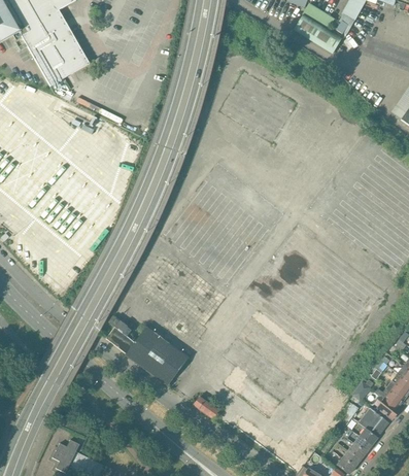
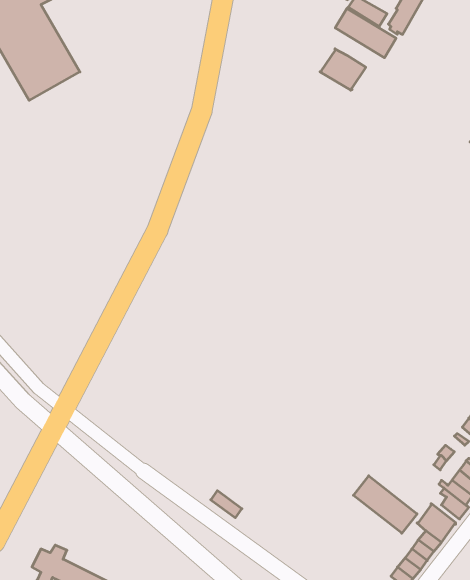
building: none -> [320,49,366,90]
building: [105,316,188,384] -> none
building: none -> [353,476,417,533]

